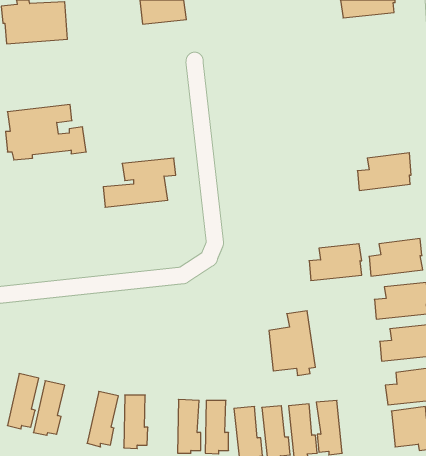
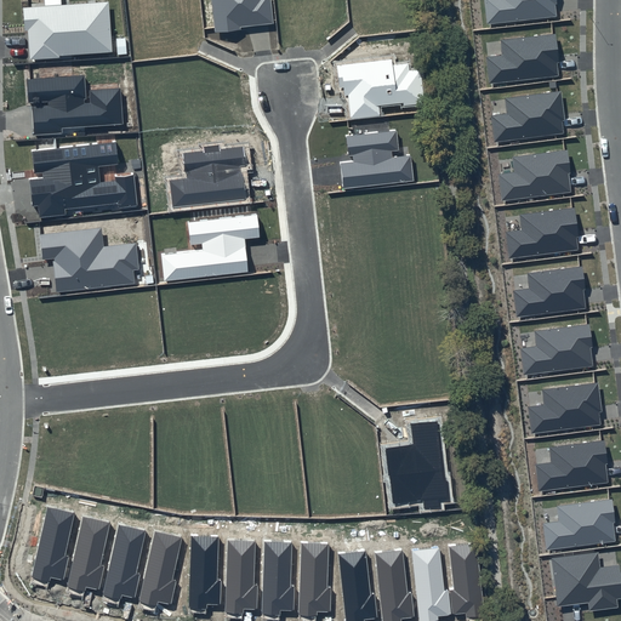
building: none -> [485,34,559,84]
building: none -> [337,59,426,119]
building: none -> [27,74,124,135]
building: none -> [491,91,565,142]
building: none -> [340,131,414,189]
building: none -> [169,146,246,209]
building: none -> [498,150,571,201]
building: none -> [39,228,139,291]
building: [309,244,362,280] -> [514,267,586,317]
building: none -> [103,525,146,599]
building: none -> [226,541,258,614]

